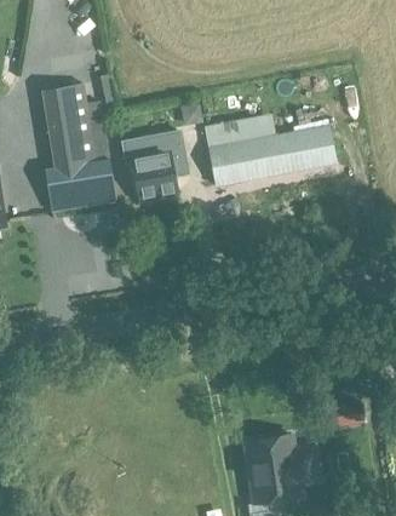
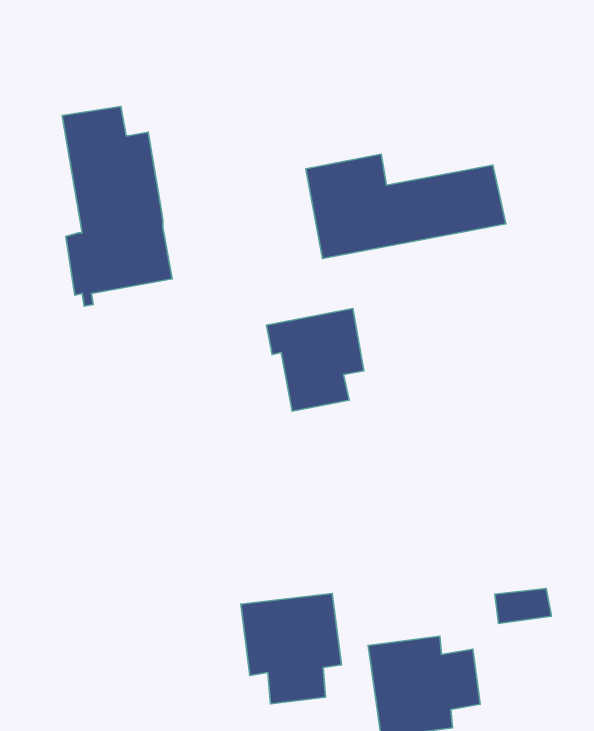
building: [122,132,186,200] -> [267,309,364,411]
building: none -> [241,594,341,704]

